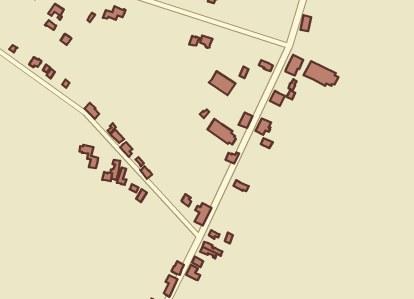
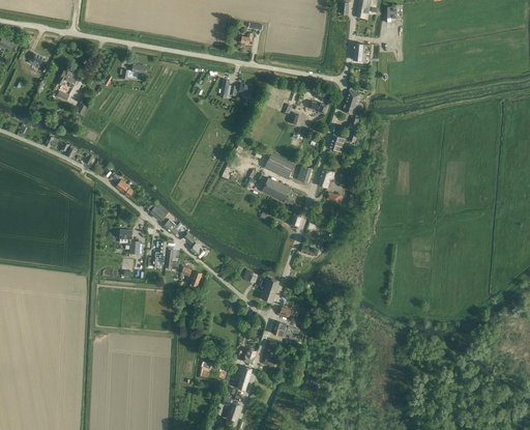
building: [304,61,339,86] -> none
building: [209,71,235,95] -> [264,152,295,178]

